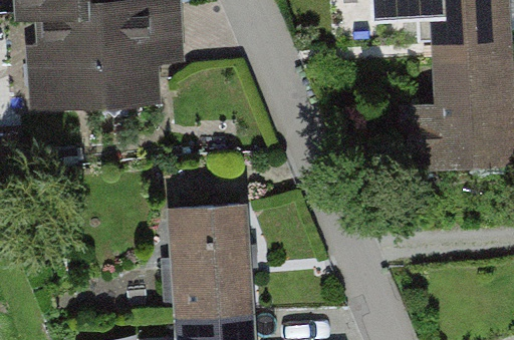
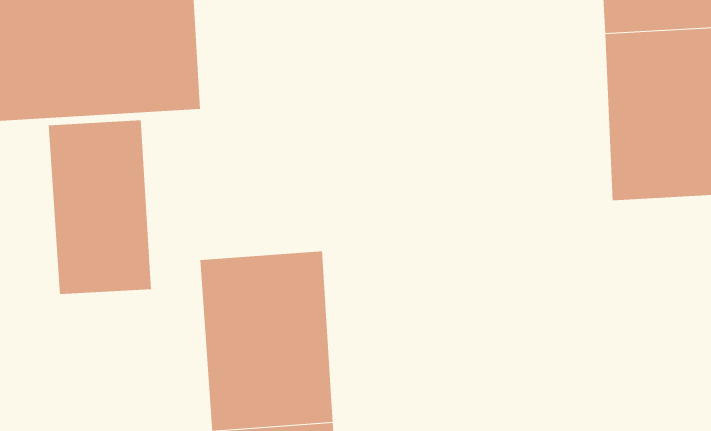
building: none -> [48,119,152,295]

